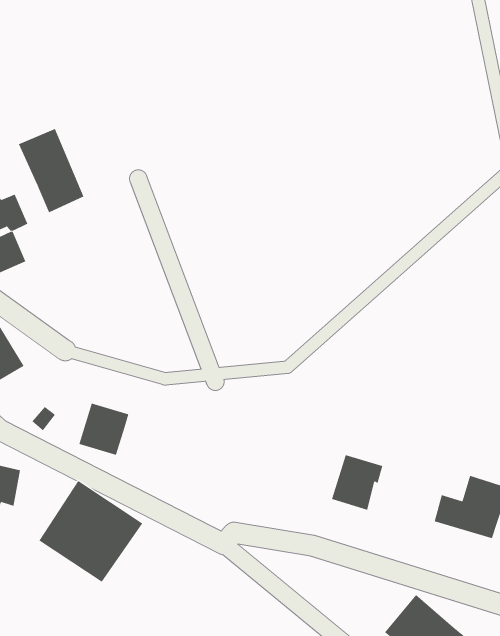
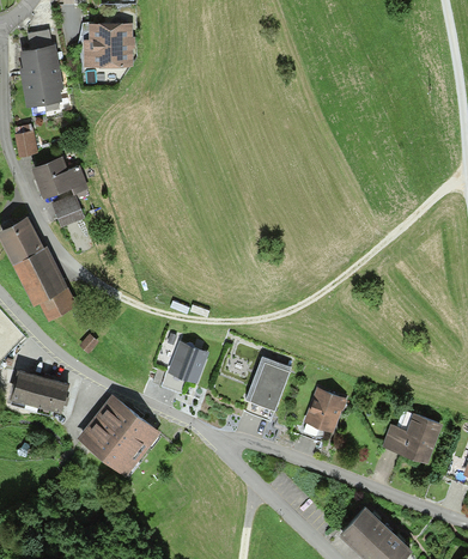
building: none -> [83,28,130,69]
building: [18,128,84,213] -> none
building: [78,403,129,456] -> [166,341,207,383]
building: none -> [243,357,291,420]

